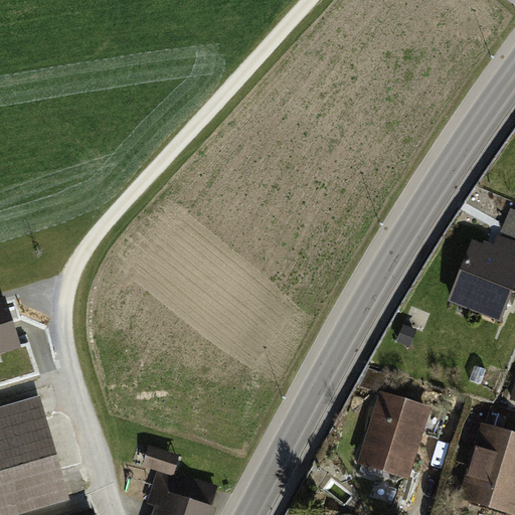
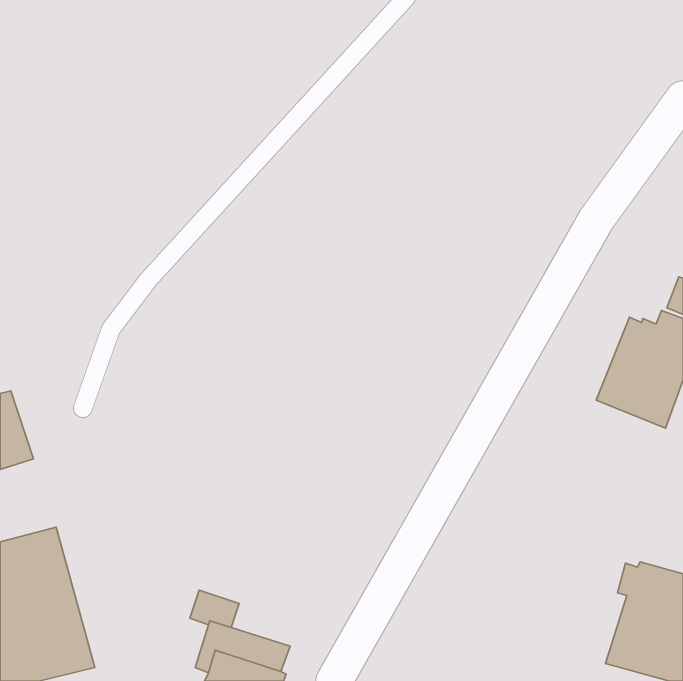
building: [357,391,431,480] -> none

